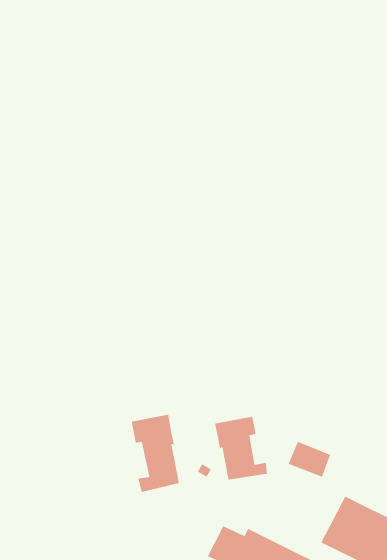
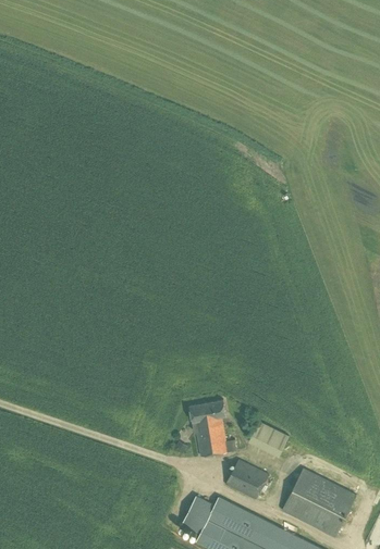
building: [131,414,180,493] -> none
building: none -> [224,461,268,500]

